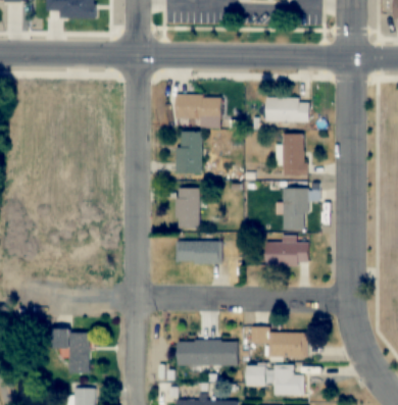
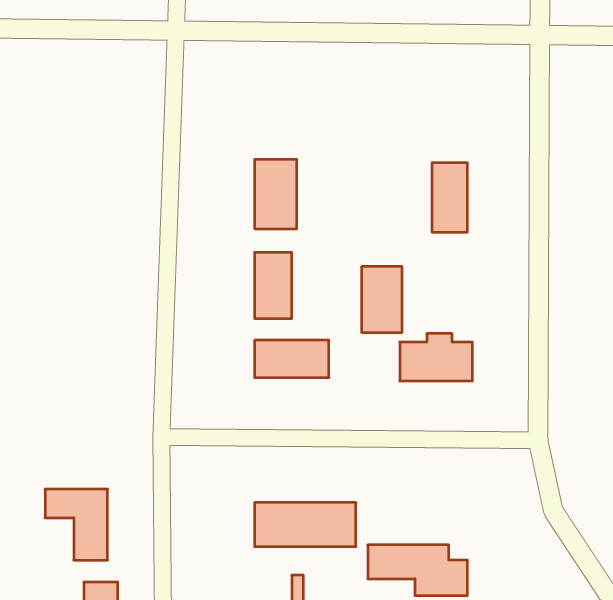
building: [176,96,220,129] -> none
building: [265,98,309,122] -> none
building: [283,190,307,230] -> [362,267,402,332]
building: [252,327,308,357] -> none

